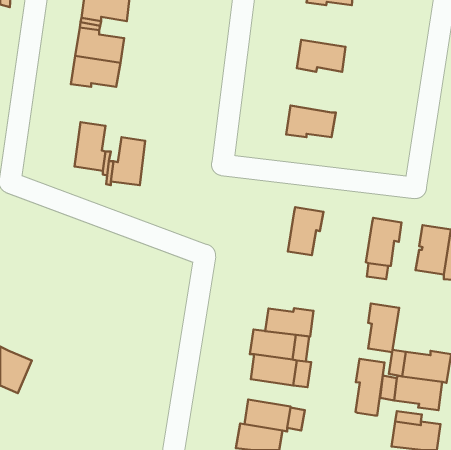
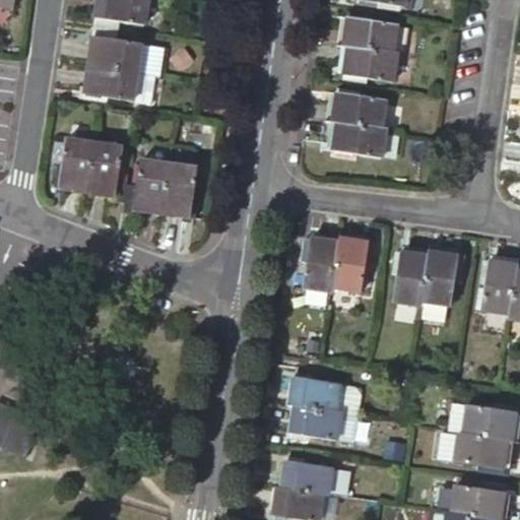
building: none -> [342,12,398,53]
building: none -> [331,88,386,129]
building: none -> [55,136,94,191]
building: none -> [162,161,198,217]
building: none -> [303,238,339,294]
building: [368,303,399,352] -> [393,250,429,306]
building: [265,308,314,337] -> none
building: [355,359,384,416] -> none

